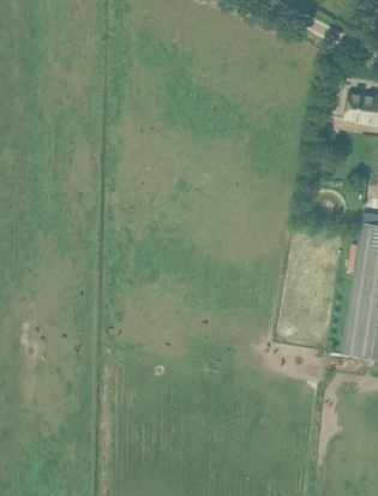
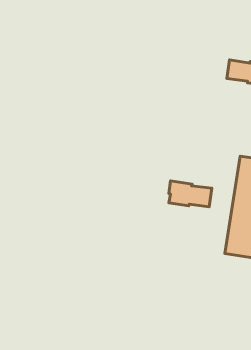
building: none -> [169,181,212,207]

